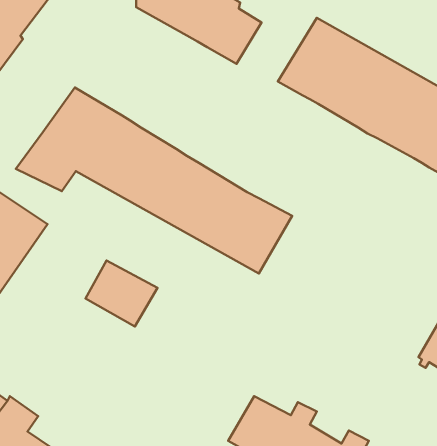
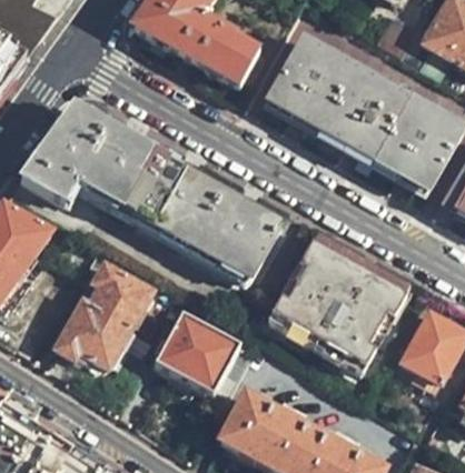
building: none -> [270,241,406,369]
building: none -> [59,303,132,375]
building: none -> [155,315,238,400]

